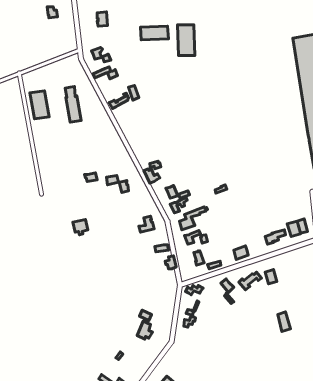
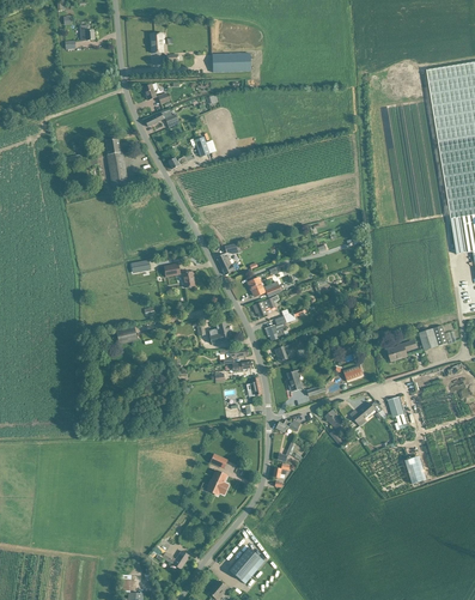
building: [177,25,195,56] -> none
building: [30,91,49,119] -> none

